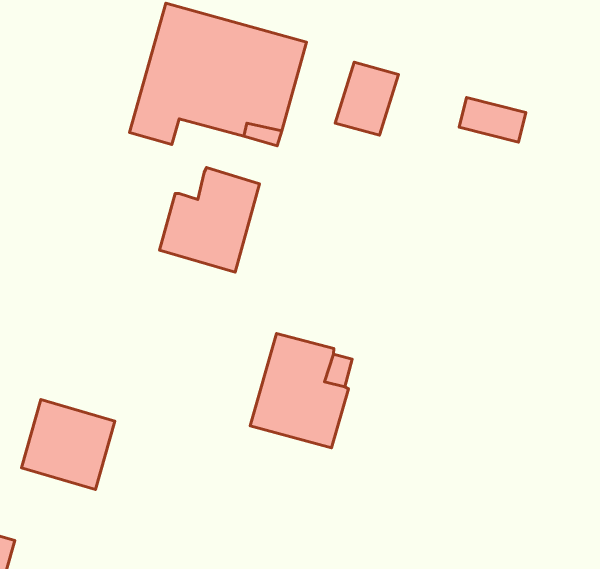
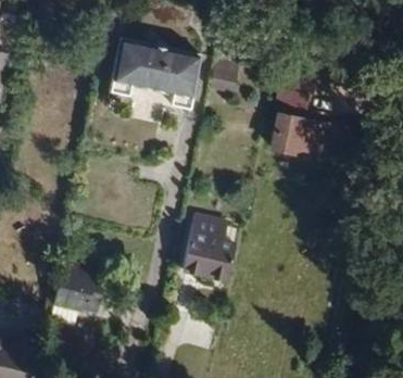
building: none -> [273,90,324,155]
building: [159,168,260,272] -> none

